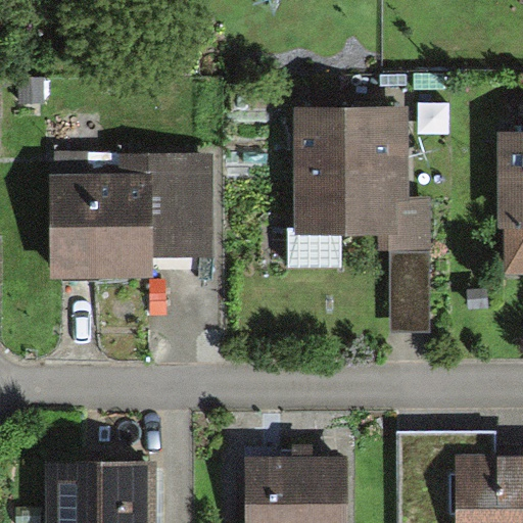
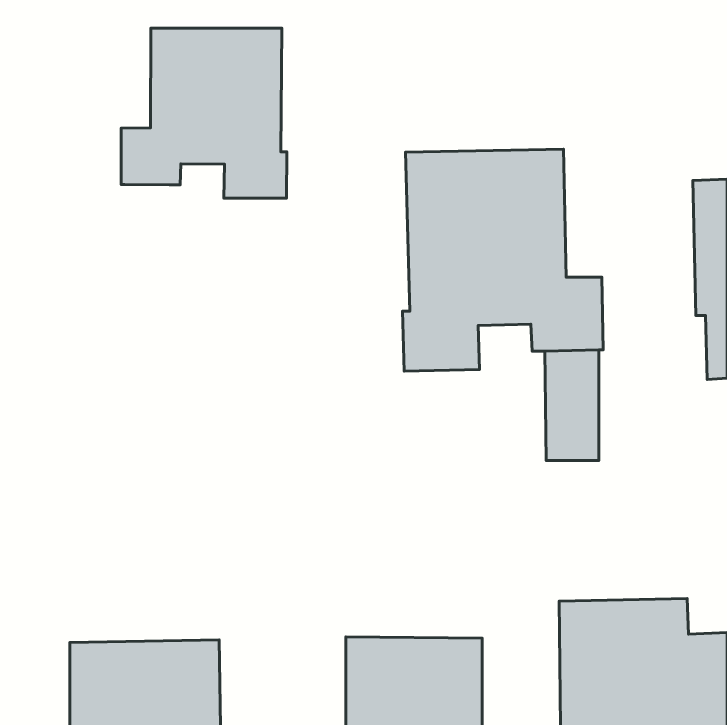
building: none -> [121,28,287,198]
building: [54,152,212,278] -> none

